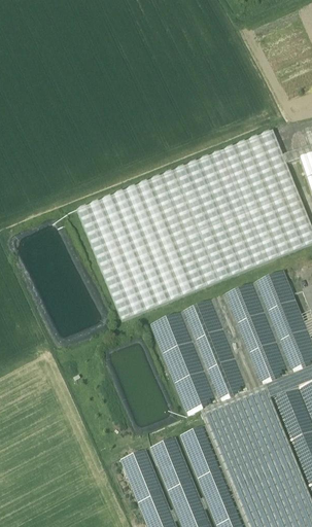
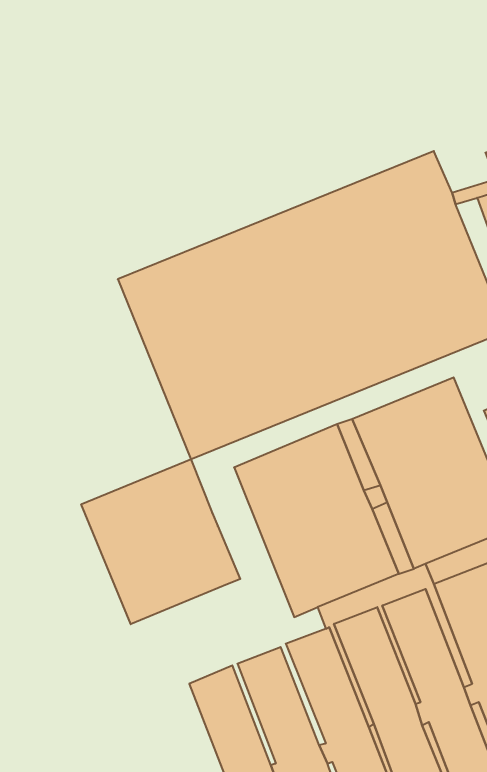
building: none -> [81,459,240,624]

